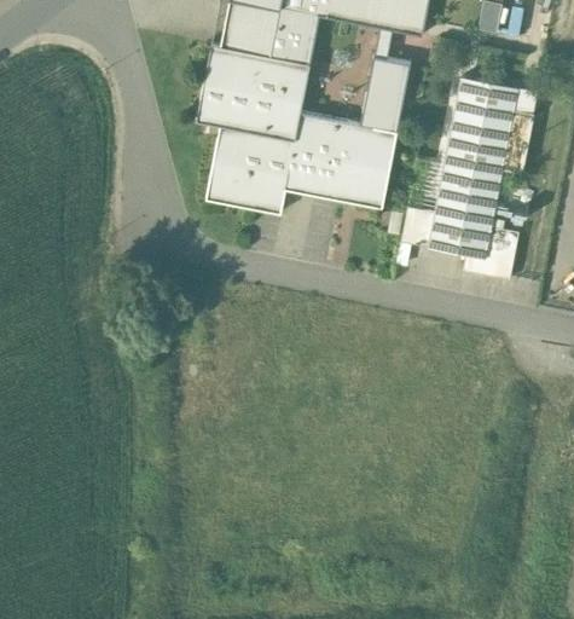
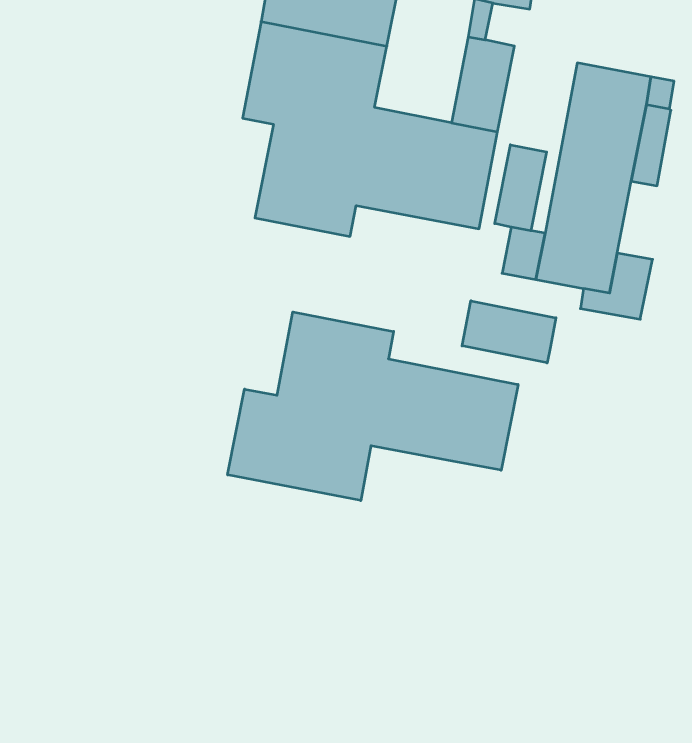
building: none -> [495,145,547,231]
building: none -> [462,301,556,363]
building: none -> [228,312,518,501]

